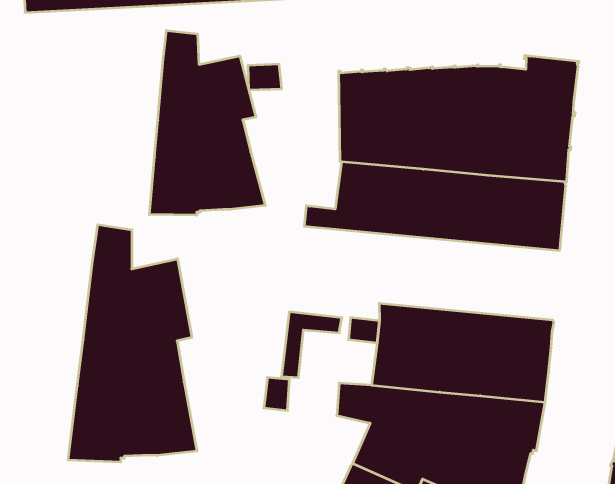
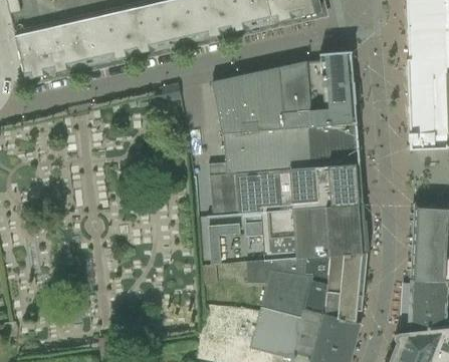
building: [149,30,265,215] -> none
building: [68,225,197,462] -> none
building: none -> [209,163,363,217]

